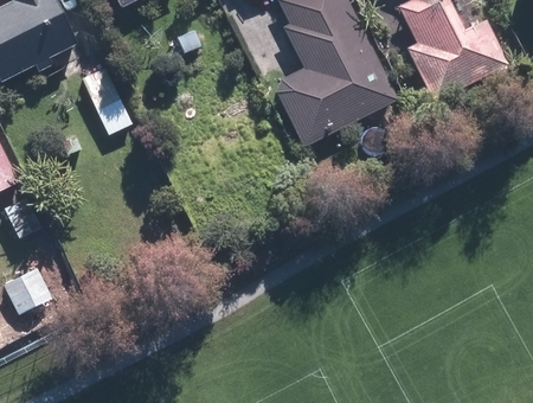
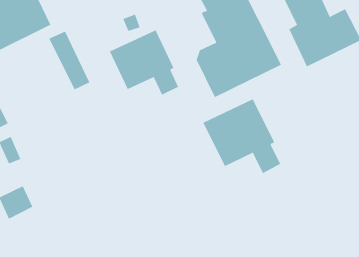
building: none -> [109,30,179,96]
building: none -> [203,98,281,174]

